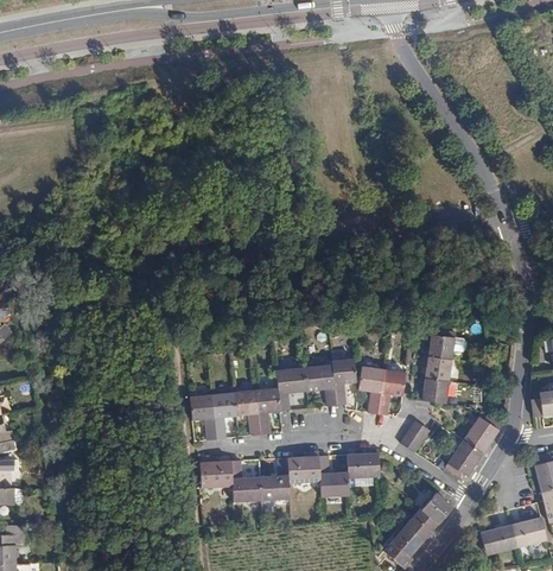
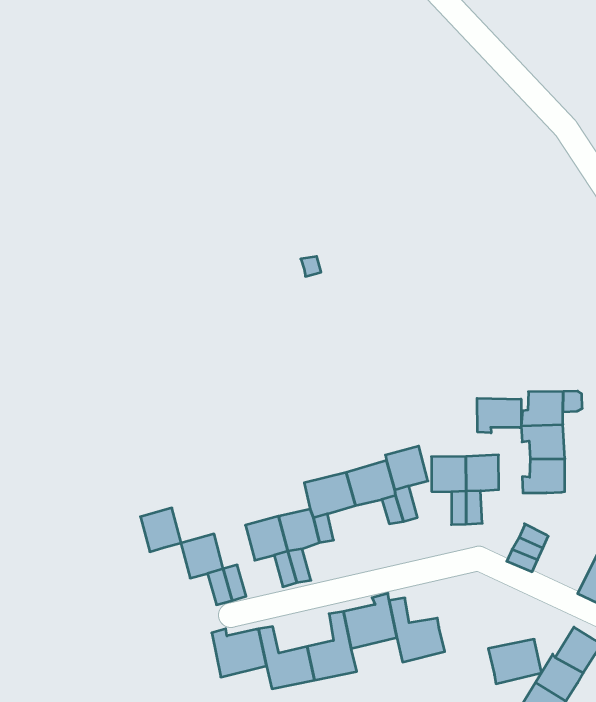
building: none -> [477,398,521,433]
building: [211,392,235,418] -> [140,508,181,552]
building: [347,453,379,478] -> [488,639,541,684]

